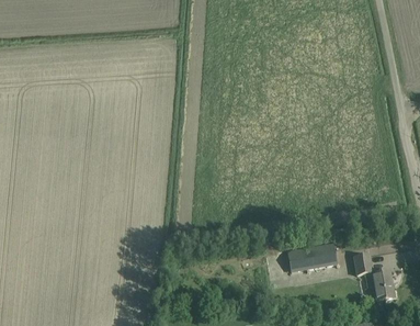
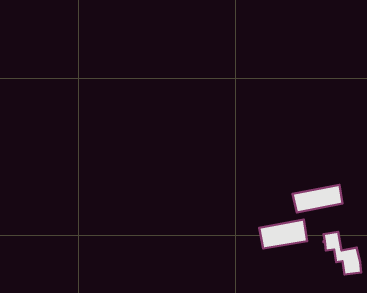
building: none -> [292,185,343,213]

